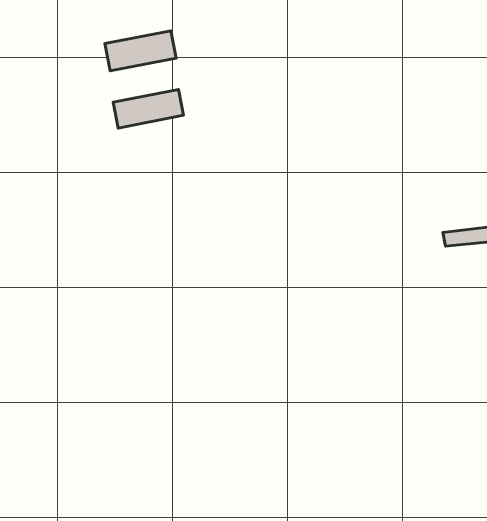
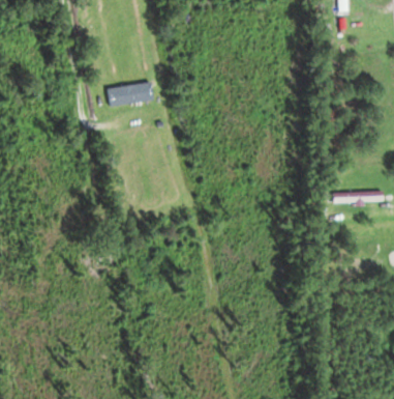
building: [105,31,176,71] -> none

